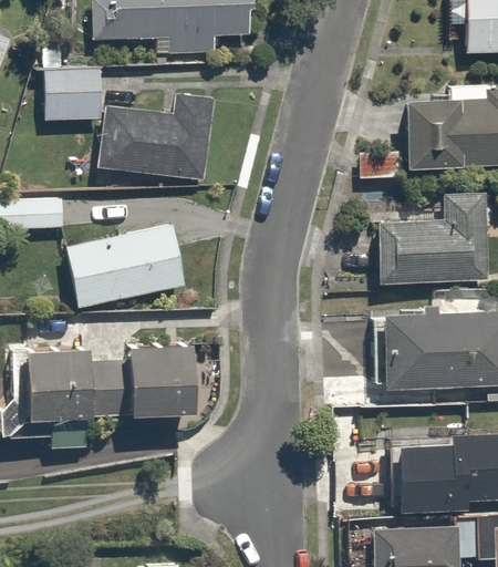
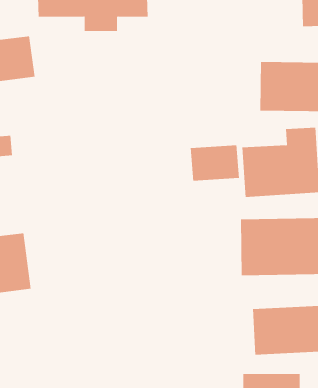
building: [95,94,215,190] -> none
building: none -> [190,144,239,181]
building: [63,228,189,316] -> none
building: [115,341,201,413] -> none

